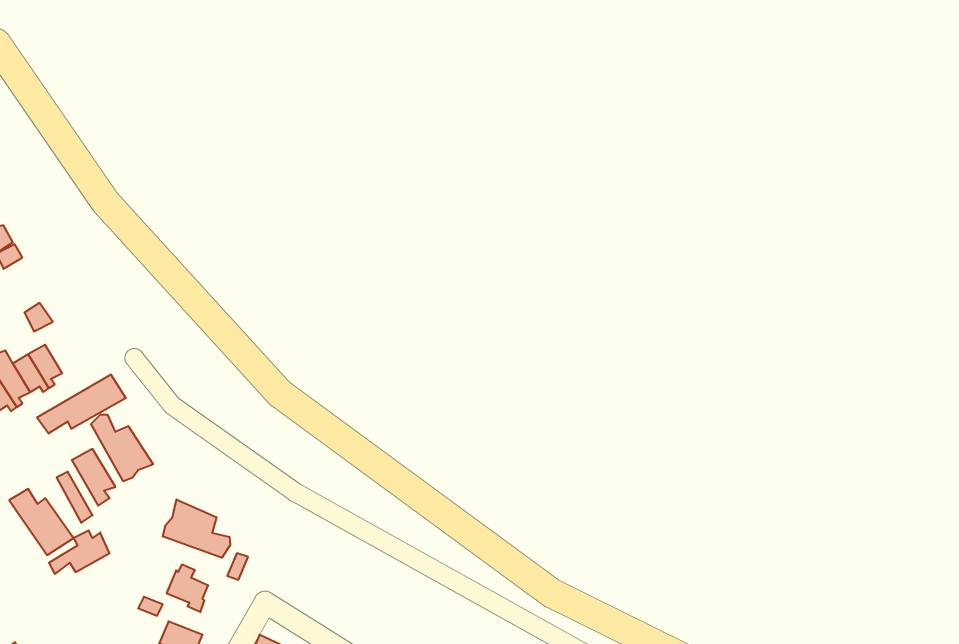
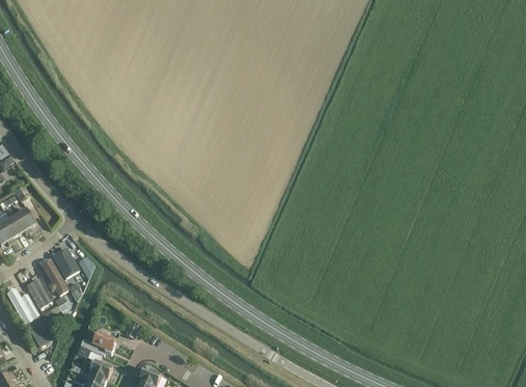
building: [37,374,126,434] -> none
building: [163,499,230,558] -> none

